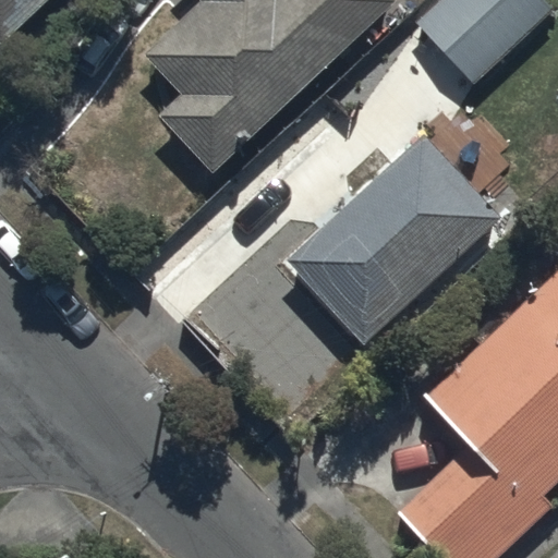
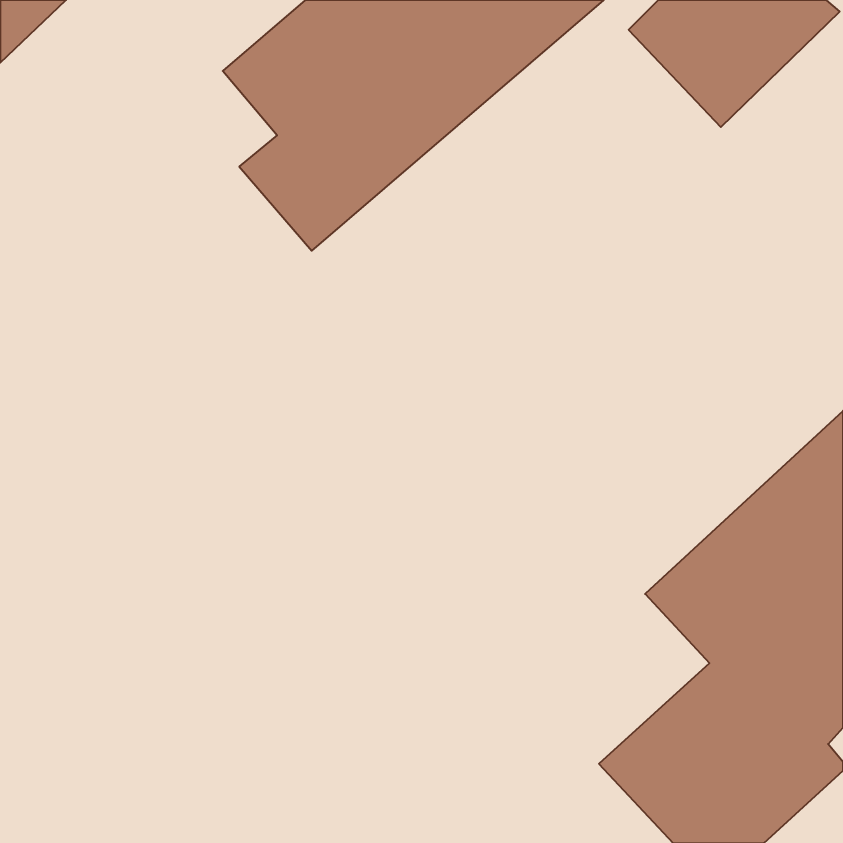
building: [288,129,505,341] -> none

